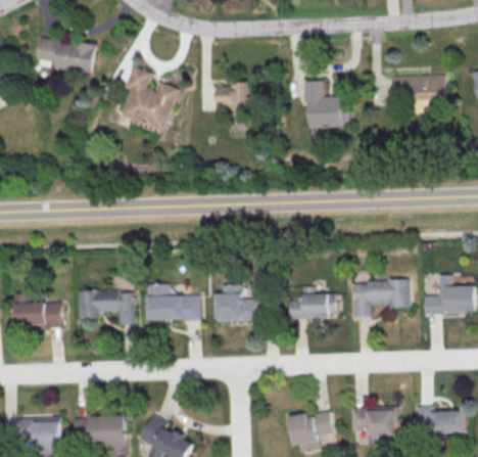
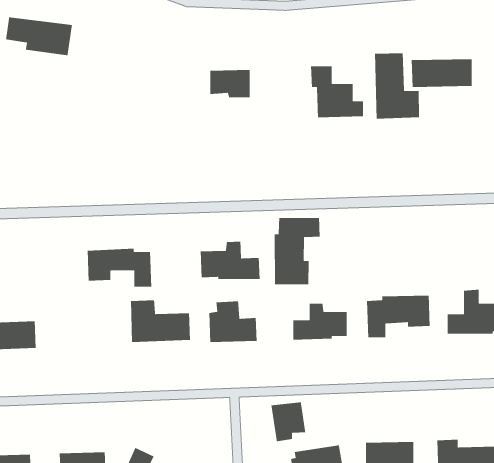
building: [121,64,179,129] -> none
building: none -> [374,52,420,120]
building: none -> [274,217,320,285]
building: none -> [200,241,260,280]
building: [77,290,134,325] -> [87,248,152,287]
building: none -> [271,401,306,442]

